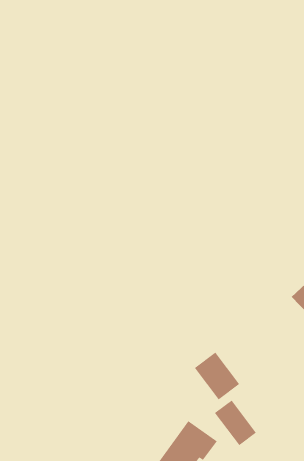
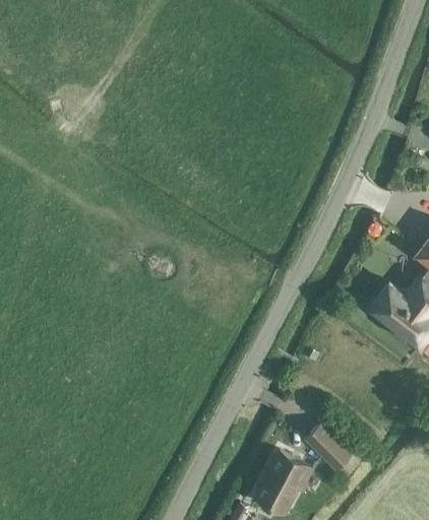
building: [194,351,240,401] -> none

